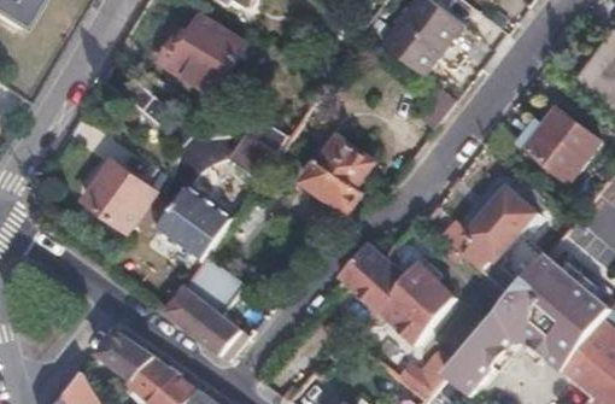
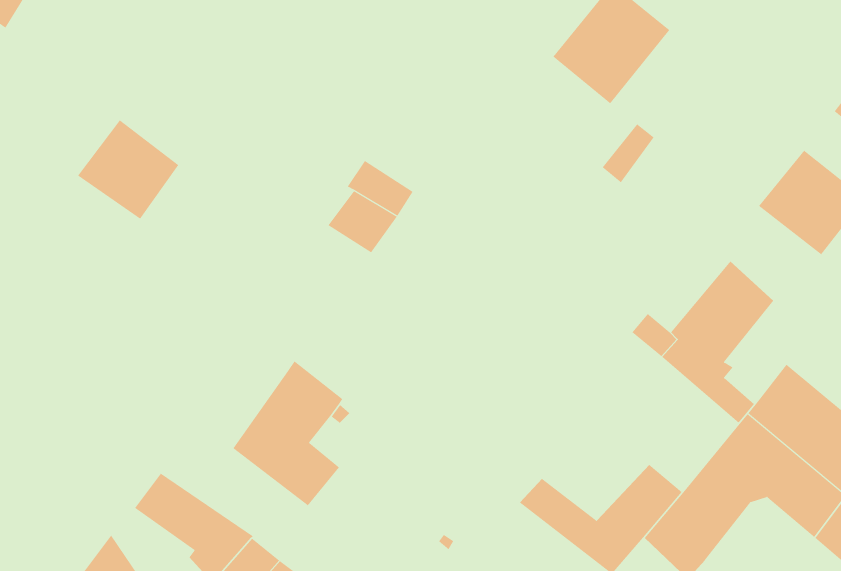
building: [160,17,245,93] -> none
building: [303,136,374,215] -> none
building: [83,162,153,230] -> [77,119,179,220]
building: [156,185,232,259] -> none
building: [340,244,457,341] -> none

